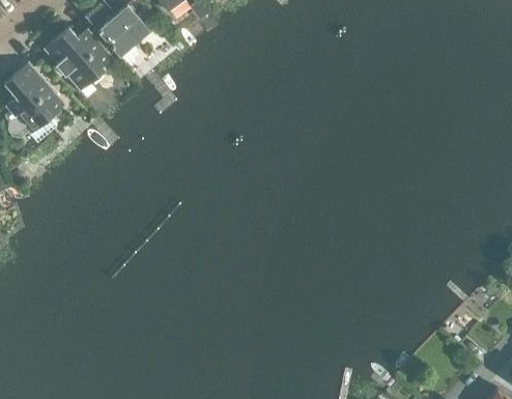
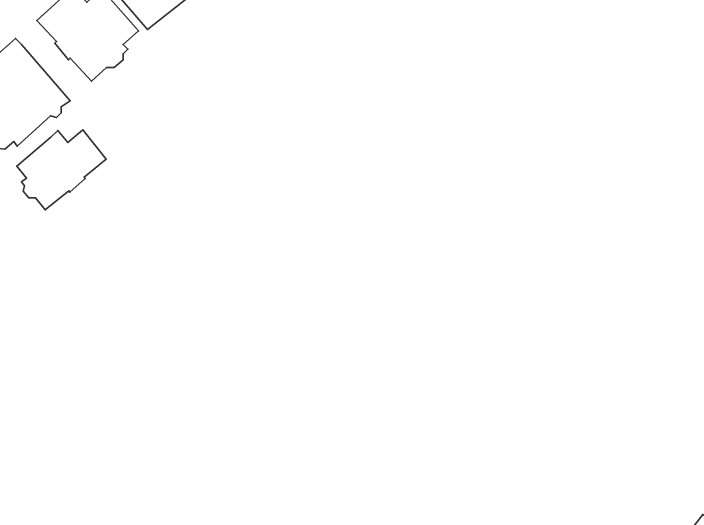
building: none -> [17,130,106,210]

